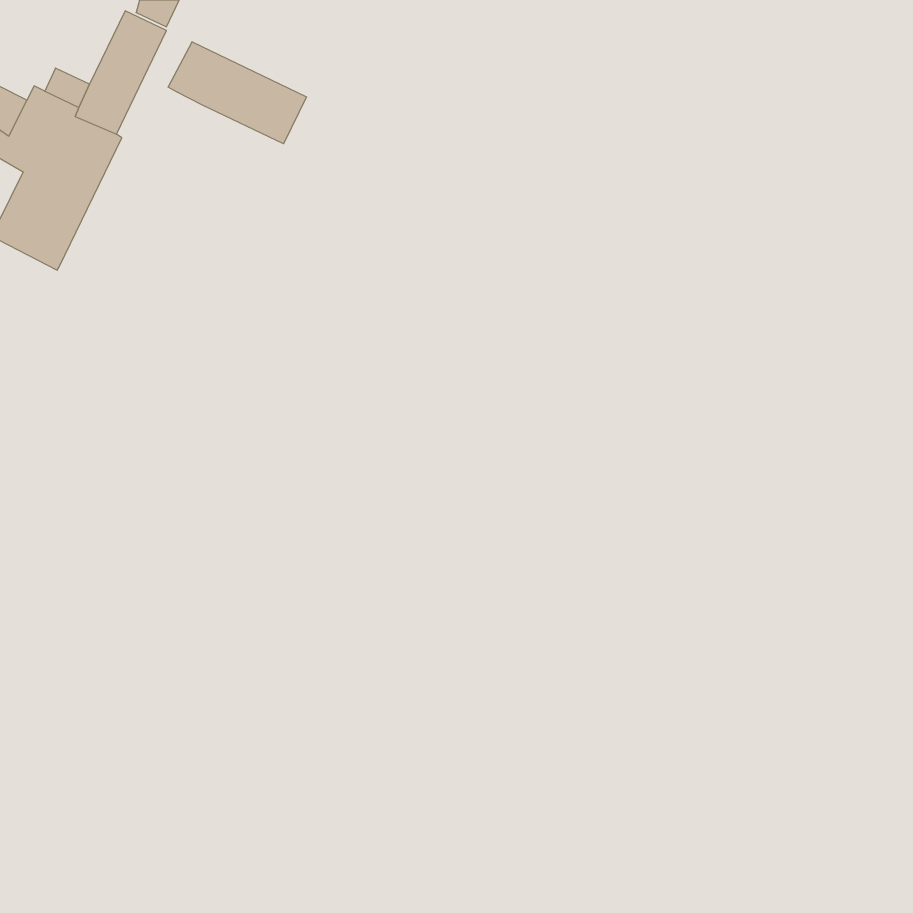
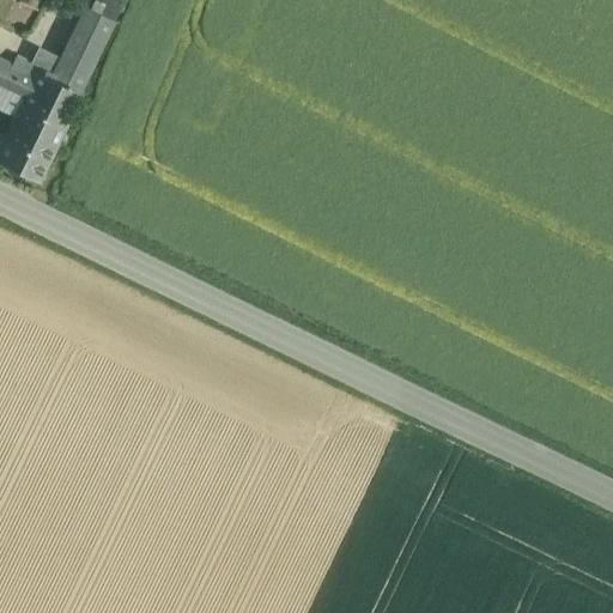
building: [168,42,306,144] -> none

